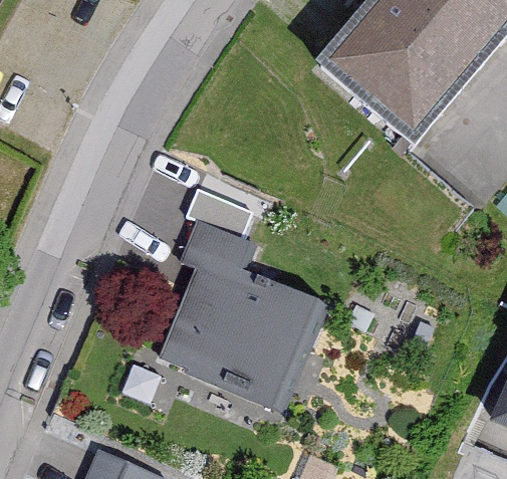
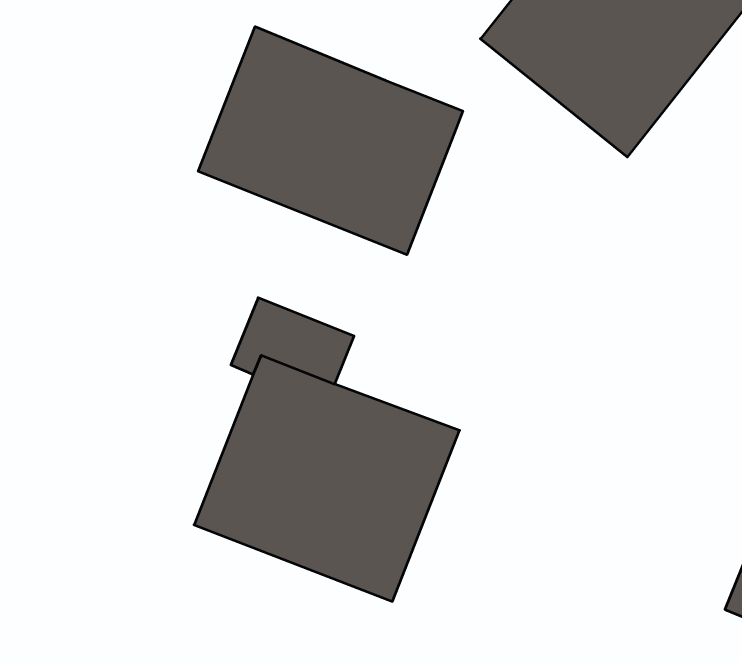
building: none -> [198,27,463,255]

